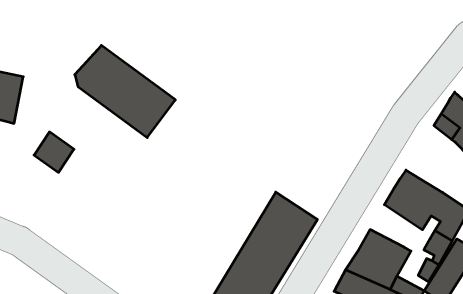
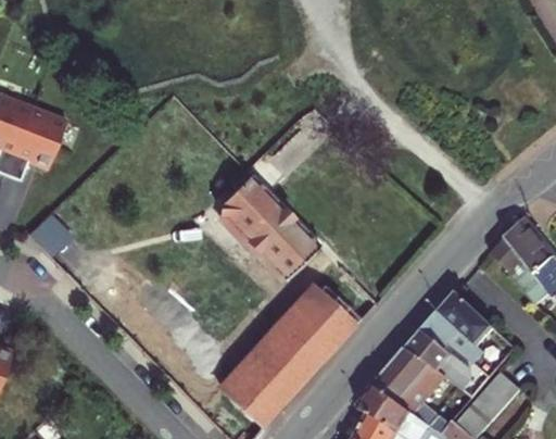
building: [75,45,175,138] -> [216,177,318,284]
building: [34,132,74,172] -> [27,214,71,259]
building: none -> [405,330,452,374]

